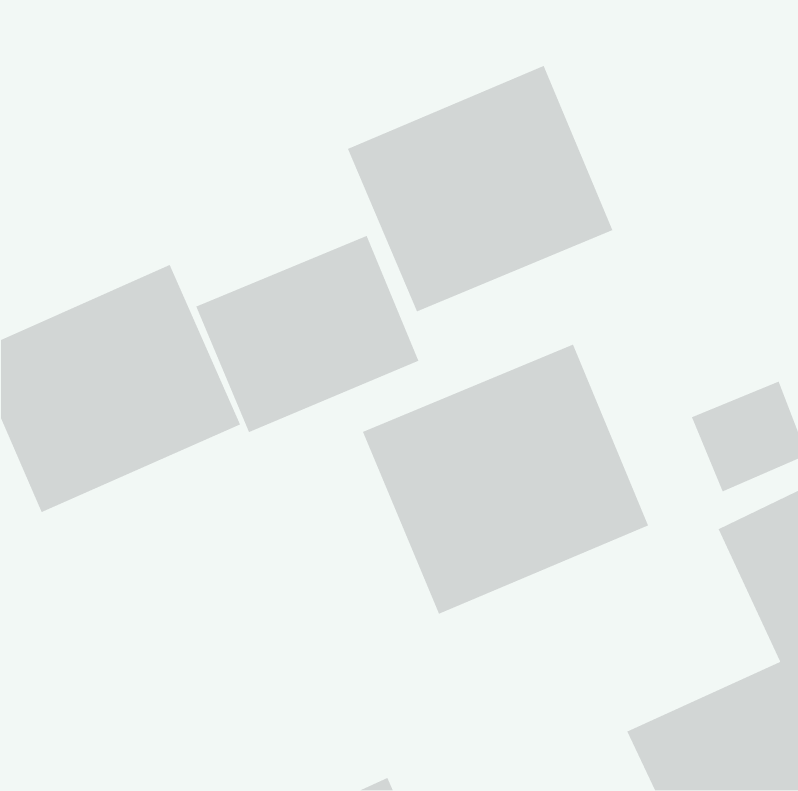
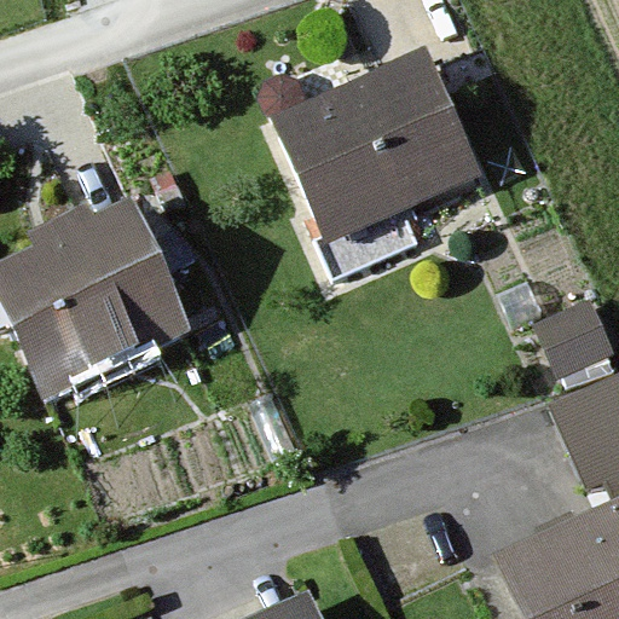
building: [195,235,419,433] -> none
building: [362,344,649,615] -> none

